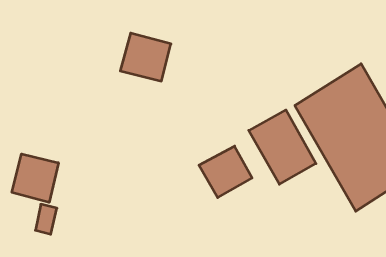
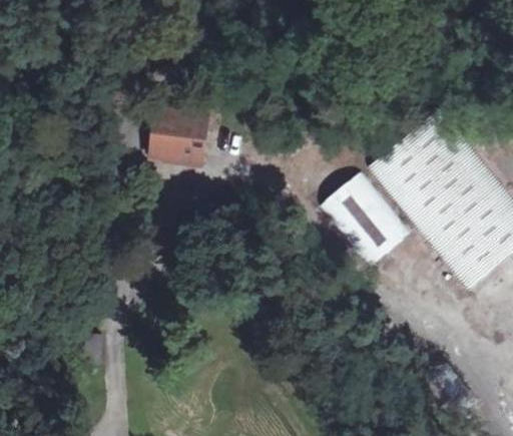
building: [199,146,252,198] -> none
building: [12,154,58,202] -> none

